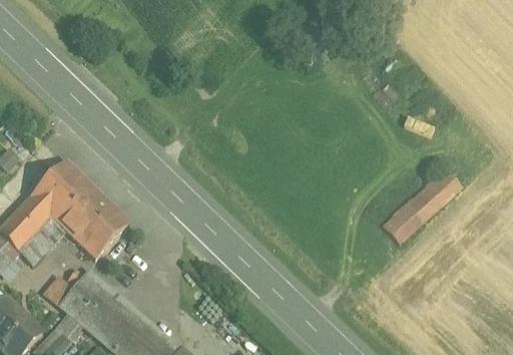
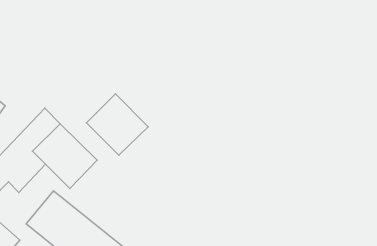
building: none -> [86,94,148,155]
building: [379,166,464,245] -> none

